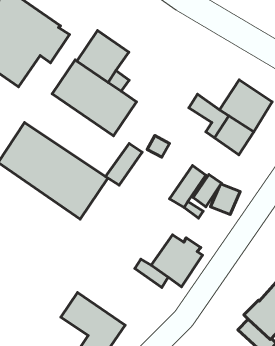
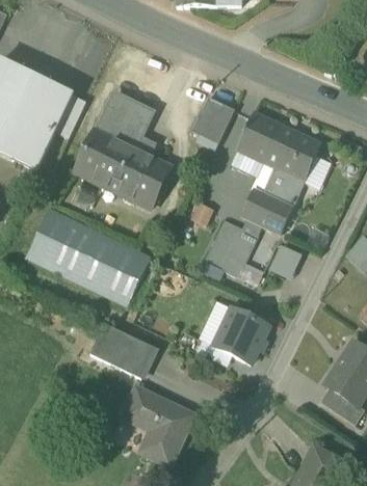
building: none -> [191,97,234,143]
building: none -> [236,112,280,161]
building: none -> [240,188,292,233]
building: [106,144,142,185] -> [206,220,242,268]
building: none -> [90,323,156,378]

